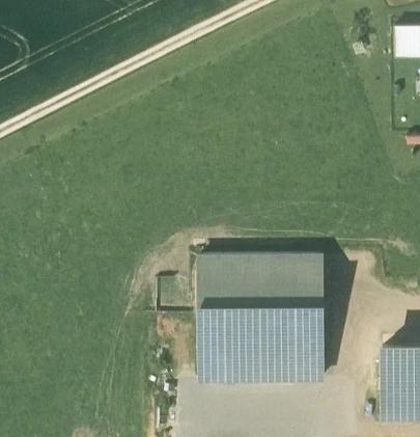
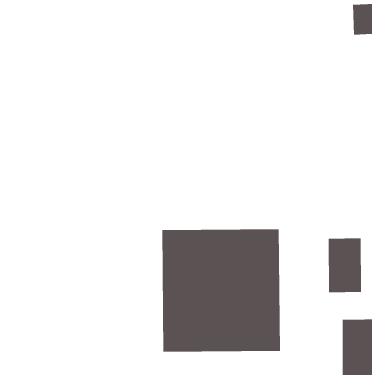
building: none -> [328,237,362,293]

